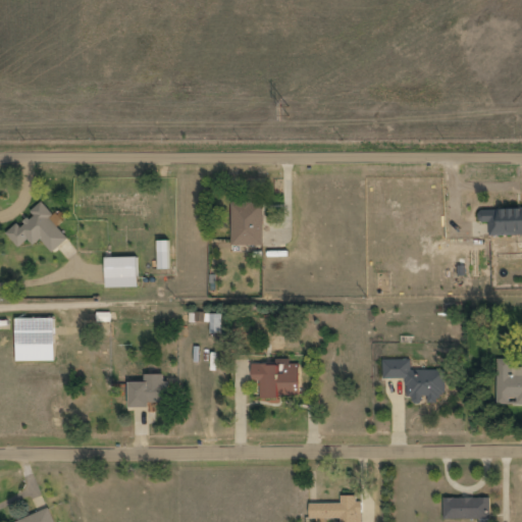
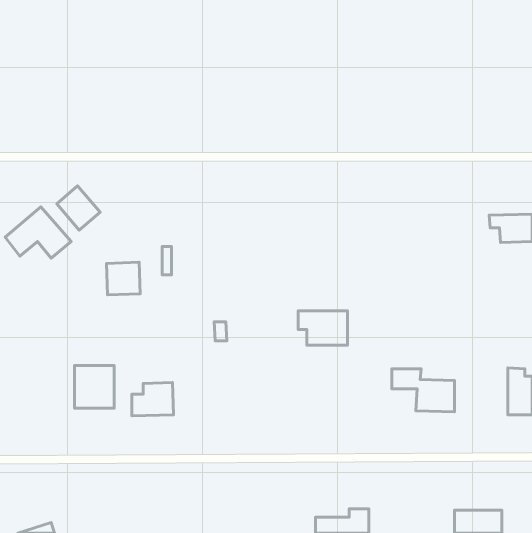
building: none -> [57,186,100,230]
building: [230,203,262,246] -> none
building: [14,319,53,361] -> [74,365,114,408]
building: [251,364,299,398] -> [298,311,347,345]

